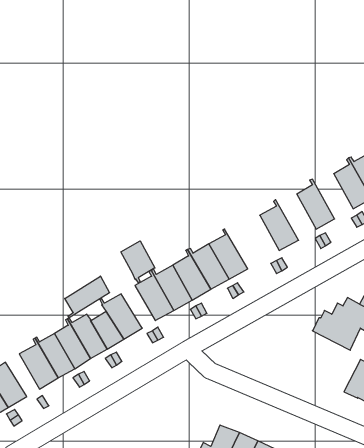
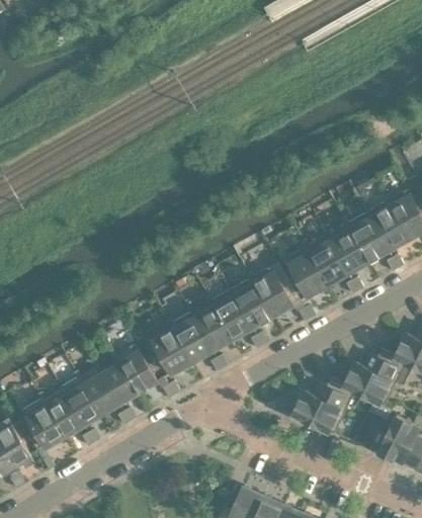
building: none -> [343,214,388,264]
building: none -> [303,237,347,287]
building: none -> [247,268,292,319]
building: [121,241,155,283] -> none
building: [65,276,110,318] -> none
building: none -> [290,378,355,436]

